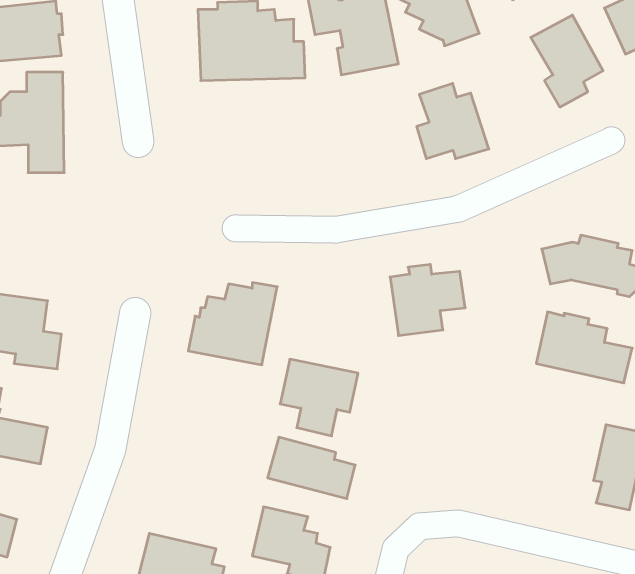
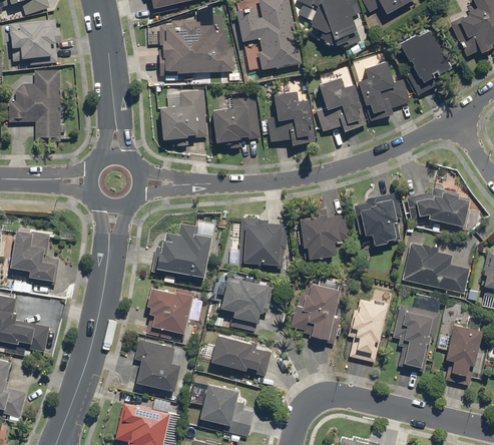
building: none -> [357,61,413,122]
building: none -> [159,89,208,147]
building: none -> [210,91,262,149]
building: none -> [267,91,318,146]
building: none -> [354,192,403,246]
building: none -> [229,217,289,269]
building: none -> [290,274,341,342]
building: none -> [145,287,196,340]
building: none -> [393,293,442,372]
building: none -> [348,298,389,363]
building: none -> [133,339,185,392]

